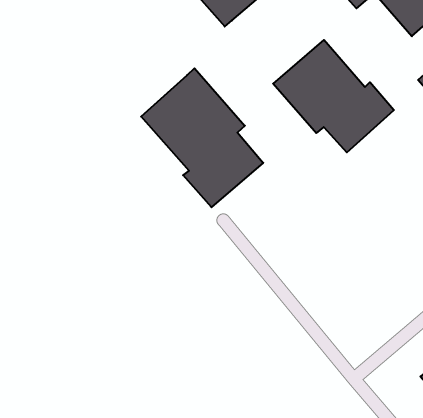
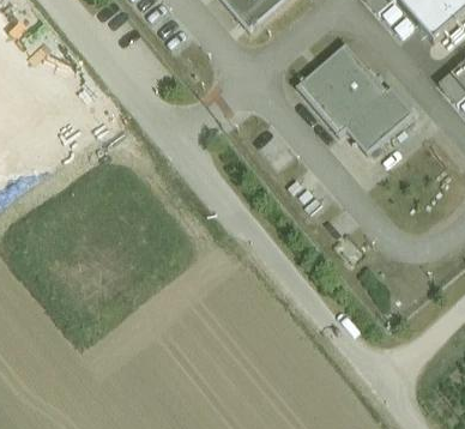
building: [141,68,263,207] -> none

